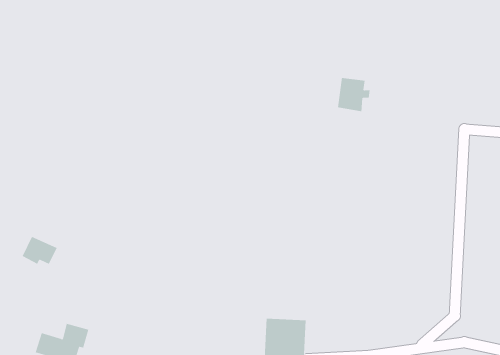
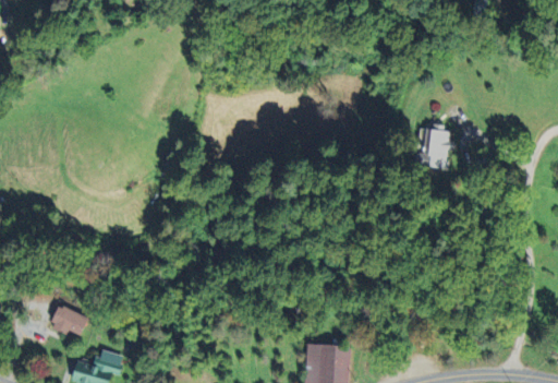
building: [337,77,371,112] -> [421,127,456,163]
building: [22,236,58,264] -> [49,304,86,334]

